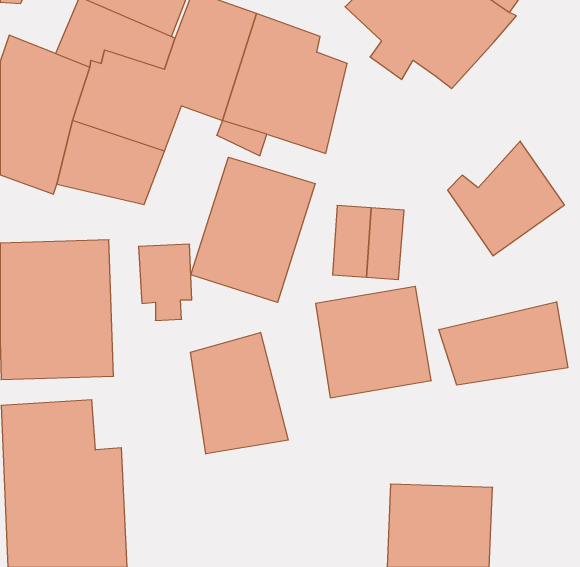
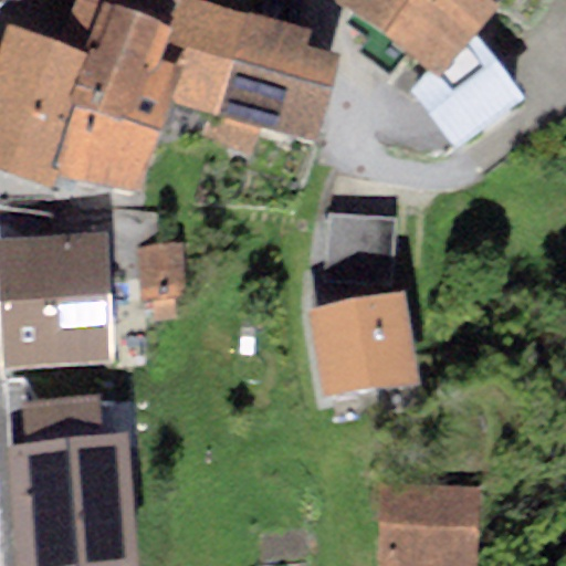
building: [448,141,564,256] -> [410,41,524,153]
building: [191,157,315,302] -> none
building: [439,302,568,385] -> none
building: [190,332,288,454] -> none

